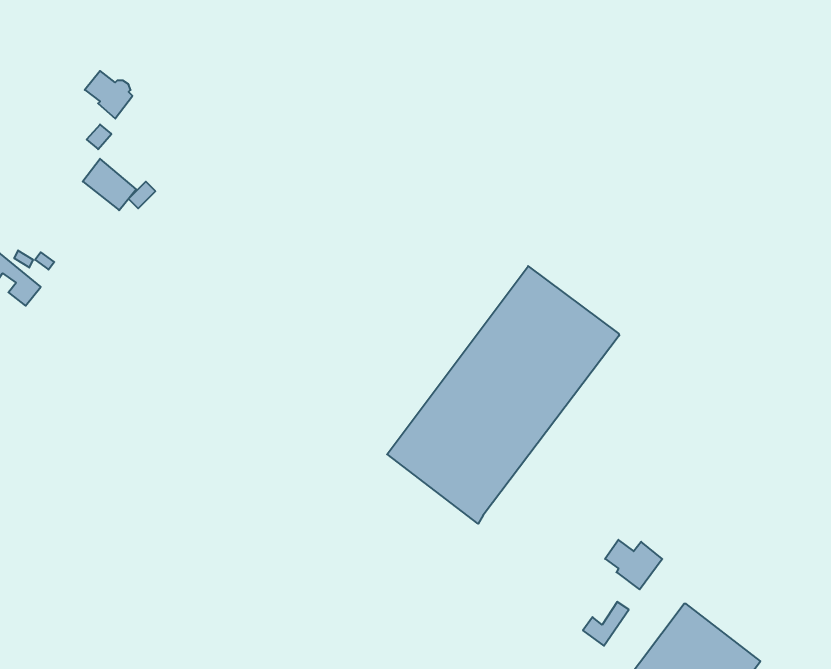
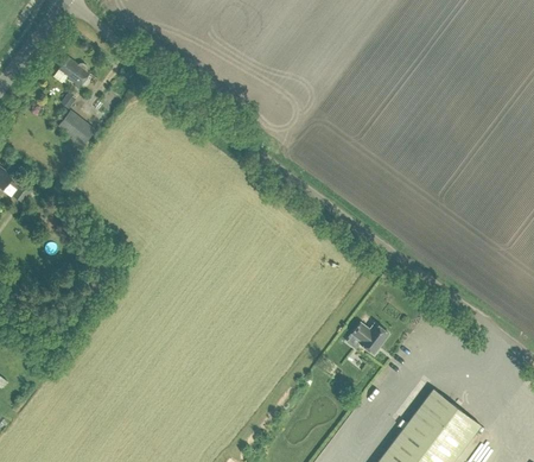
building: [387,266,619,524] -> none
building: [605,540,662,589] -> [354,323,389,354]

